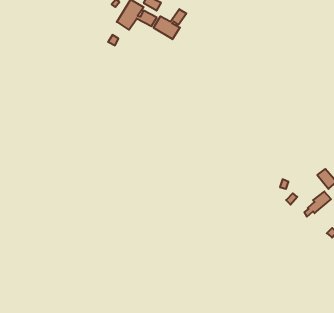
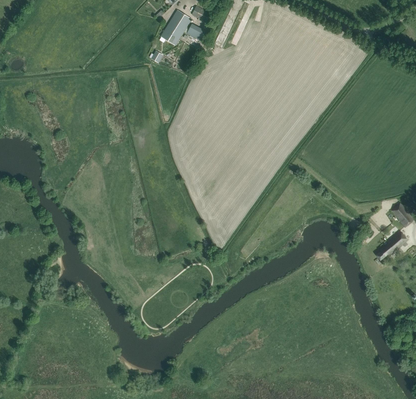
building: [154,9,186,39] -> none

